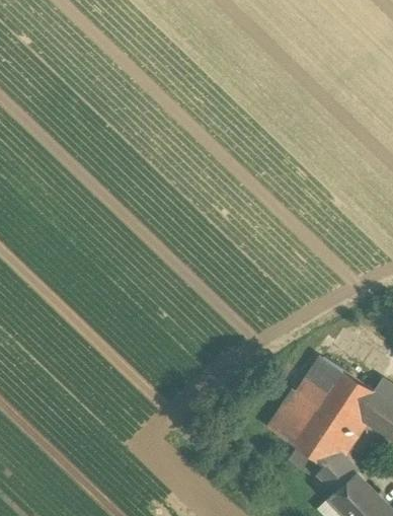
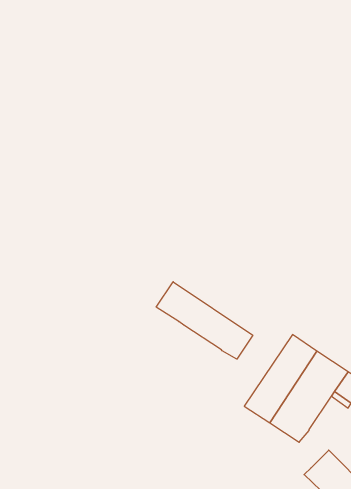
building: none -> [156,282,253,359]
building: [320,454,357,493] -> none

